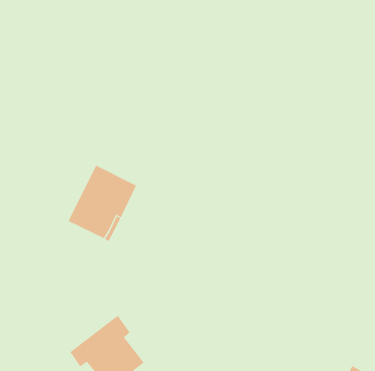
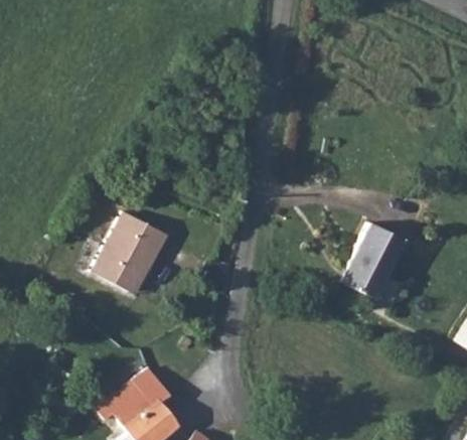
building: none -> [339,224,403,294]

